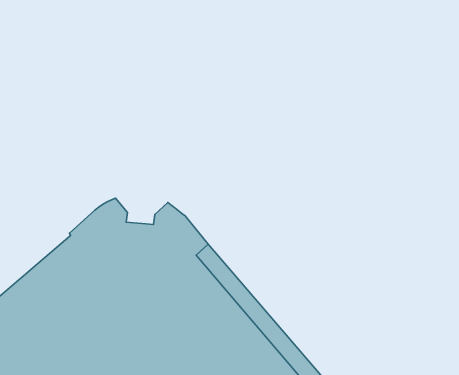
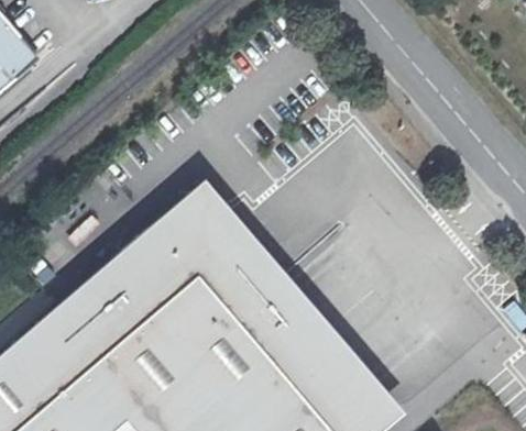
building: none -> [153,186,237,242]

